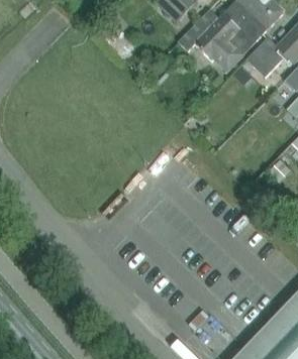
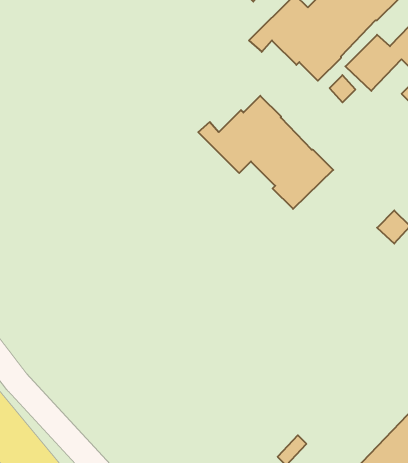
building: none -> [198,96,333,209]

